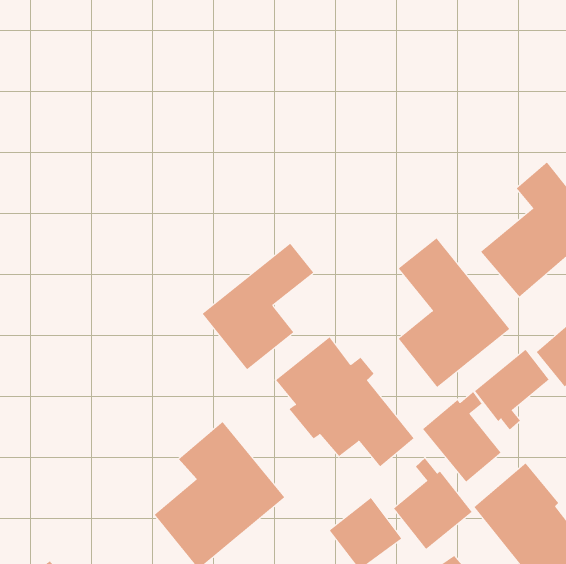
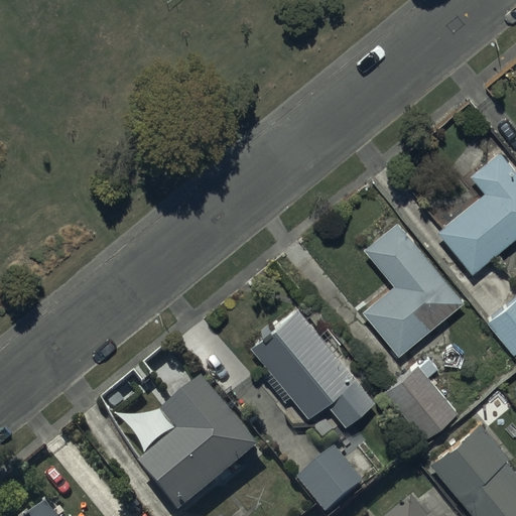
building: [202,243,314,370] -> none
building: [474,349,550,430] -> none
building: [393,457,473,550] -> none

